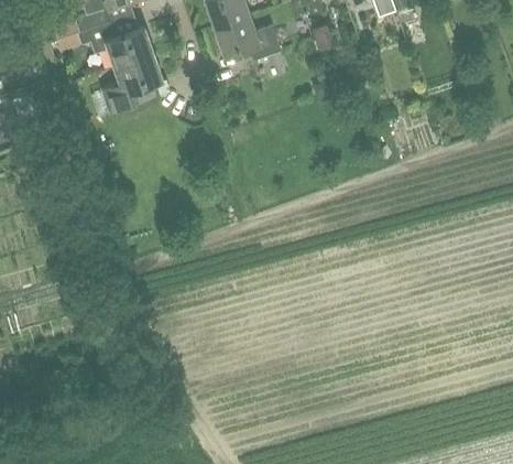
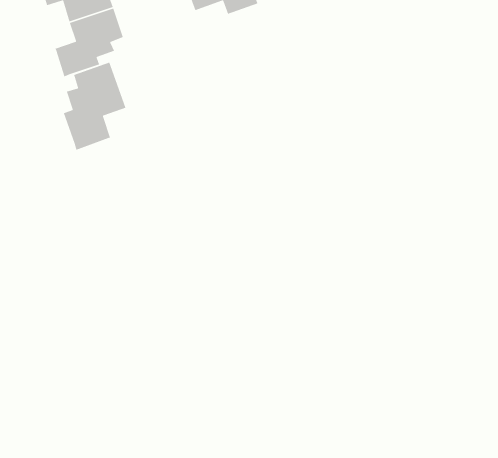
building: none -> [63,61,127,151]

